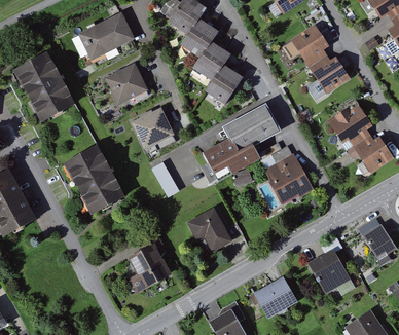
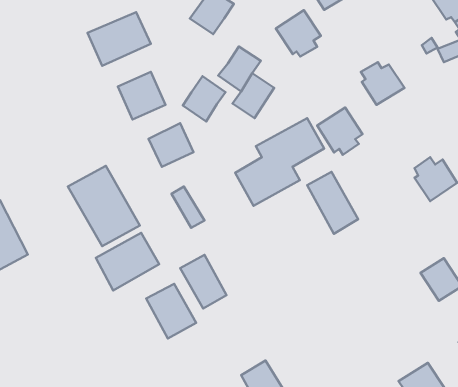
building: [180,20,216,58] -> [183,76,226,121]
building: [291,26,329,65] -> [276,10,321,56]
building: [14,52,75,120] -> none
building: [335,106,373,146] -> [317,107,362,155]
building: none -> [96,233,159,290]
building: [193,209,232,254] -> [180,255,226,308]
building: [309,249,350,292] -> none
building: [256,276,297,315] -> none

